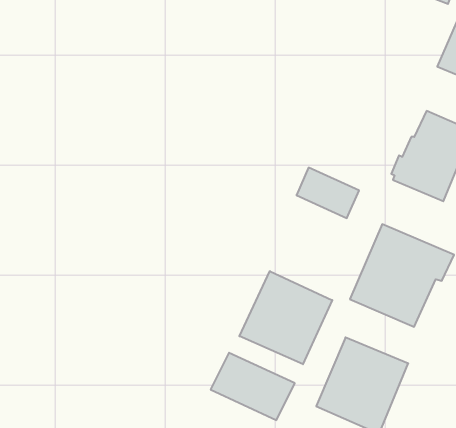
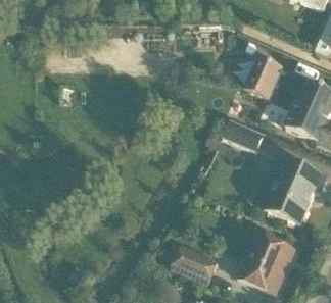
building: none -> [245,54,285,97]
building: [239,271,332,364] -> none

